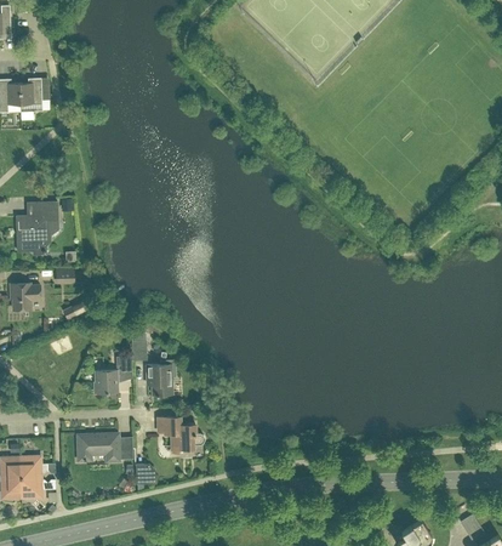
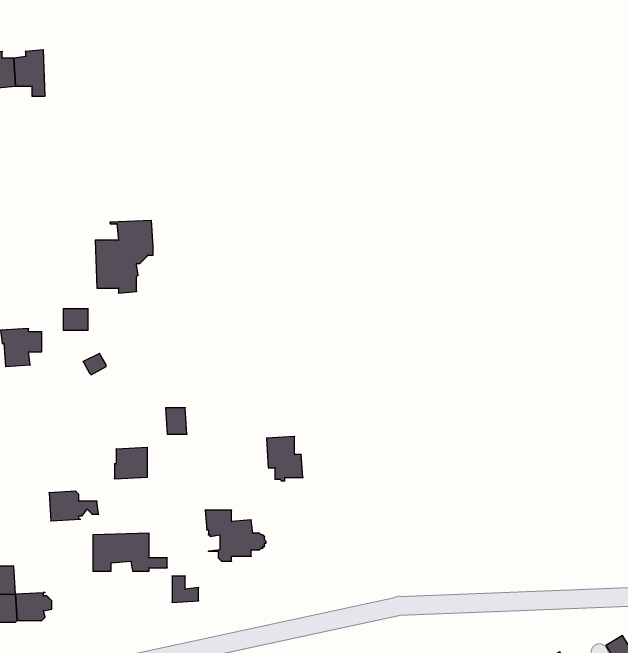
building: [16,201,58,255] -> [95,220,153,293]
building: [146,364,172,397] -> [267,436,303,481]
building: [19,456,56,478] -> [49,491,99,521]

